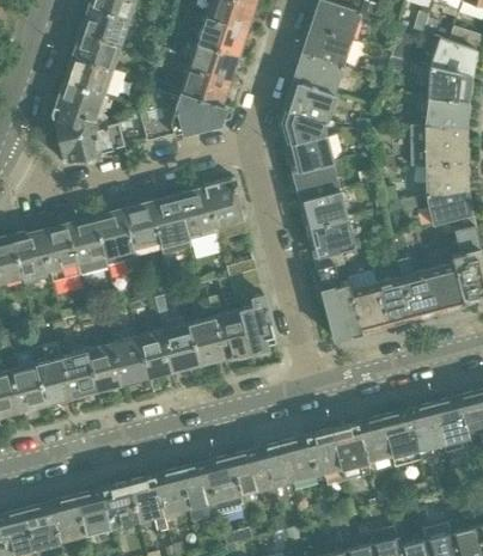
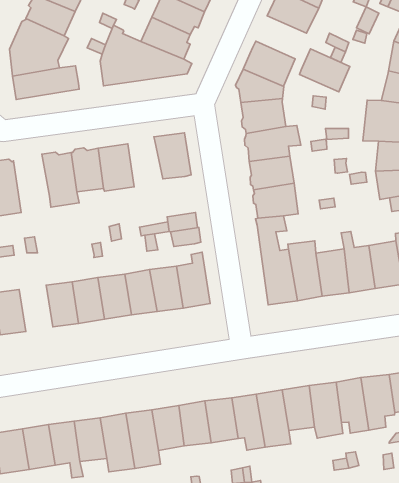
building: [294,55,343,94] -> [299,49,350,92]
building: [178,190,216,238] -> none
building: [67,215,106,275] -> none
building: [86,344,123,392] -> none

